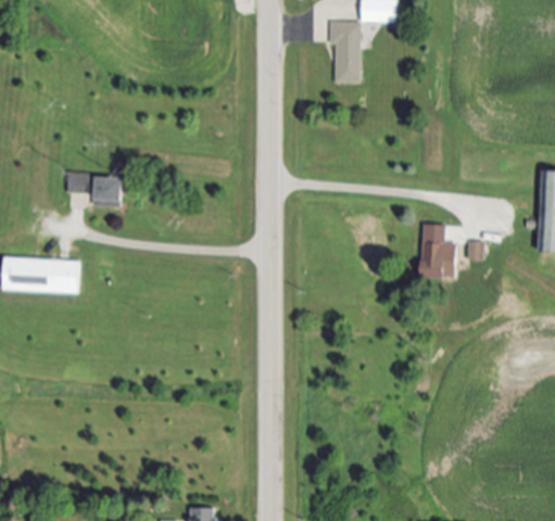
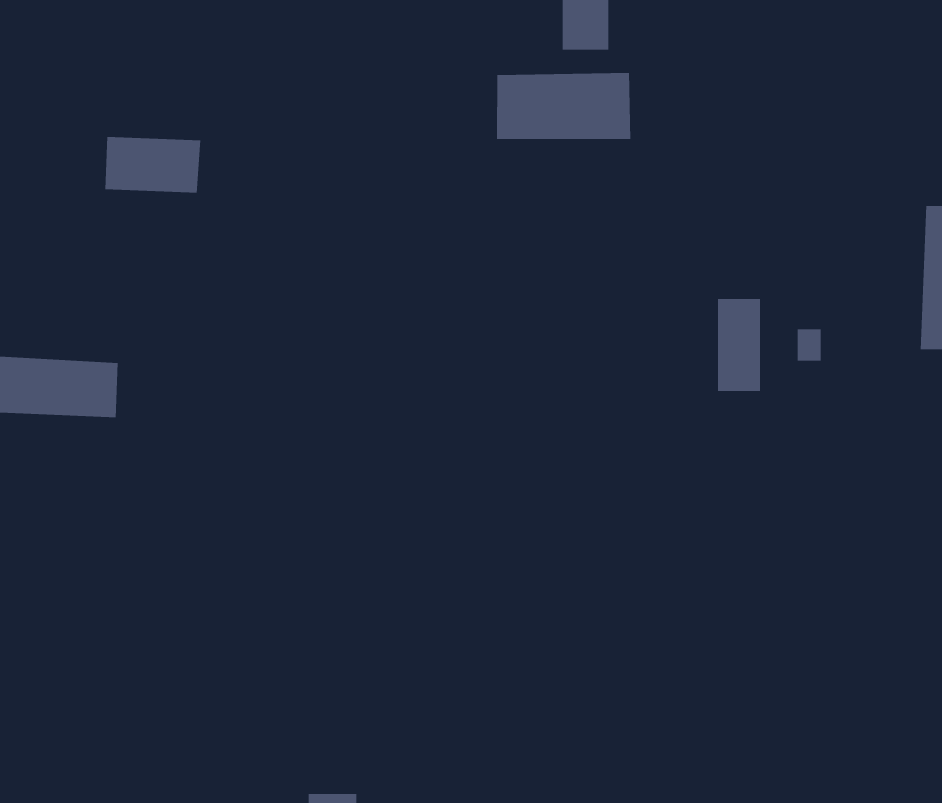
building: none -> [497,72,631,140]
building: [68,175,124,207] -> [105,136,201,193]

